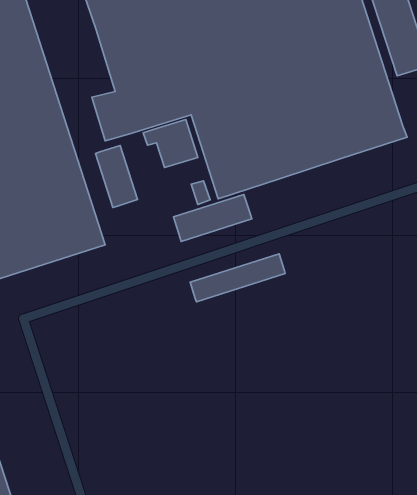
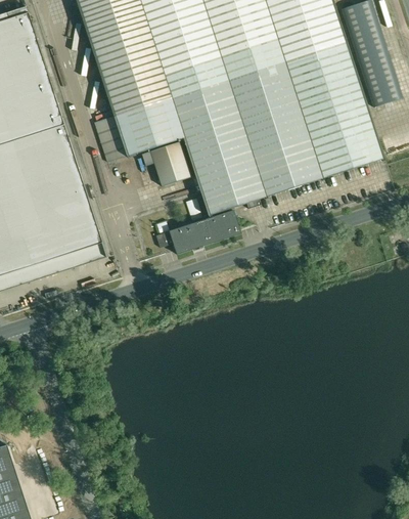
building: [96,146,138,207] -> none
building: [190,254,285,302] -> none

